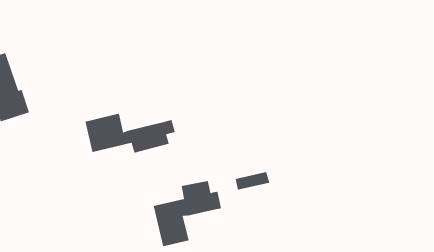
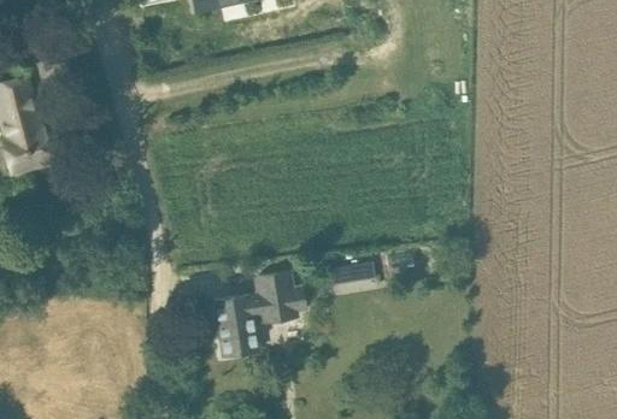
building: [85,113,176,154] -> none

